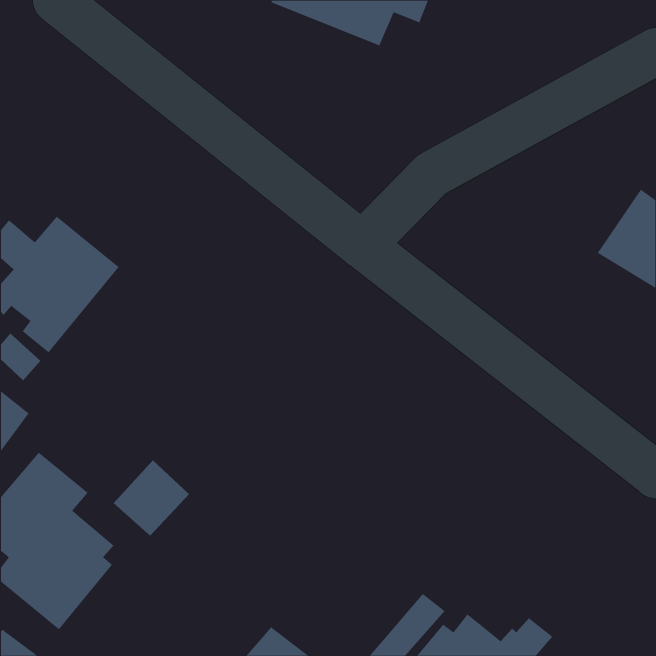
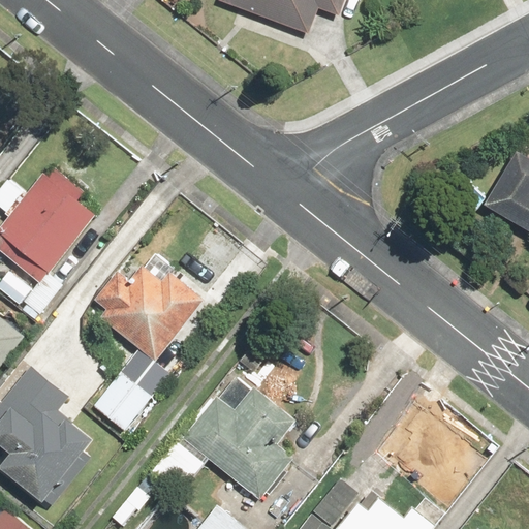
building: none -> [94,260,205,361]
building: none -> [181,384,297,502]

